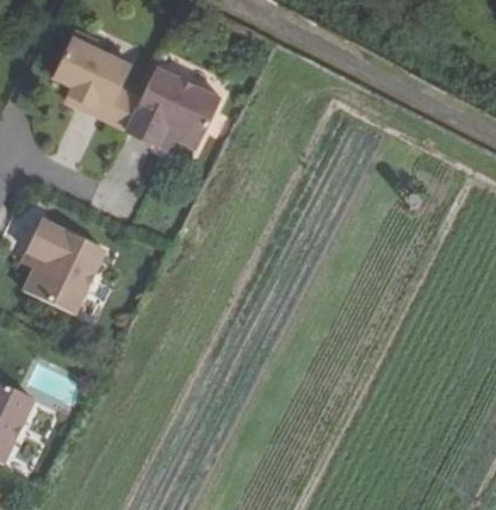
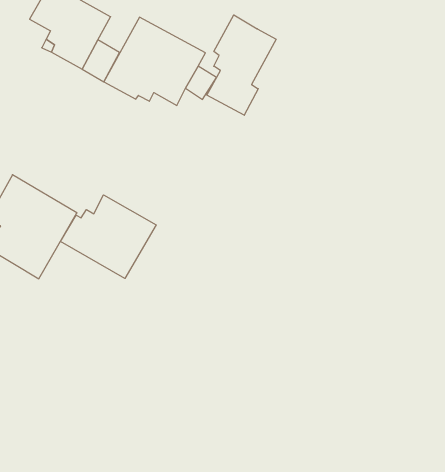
building: none -> [207,15,276,115]
building: none -> [60,195,156,278]

